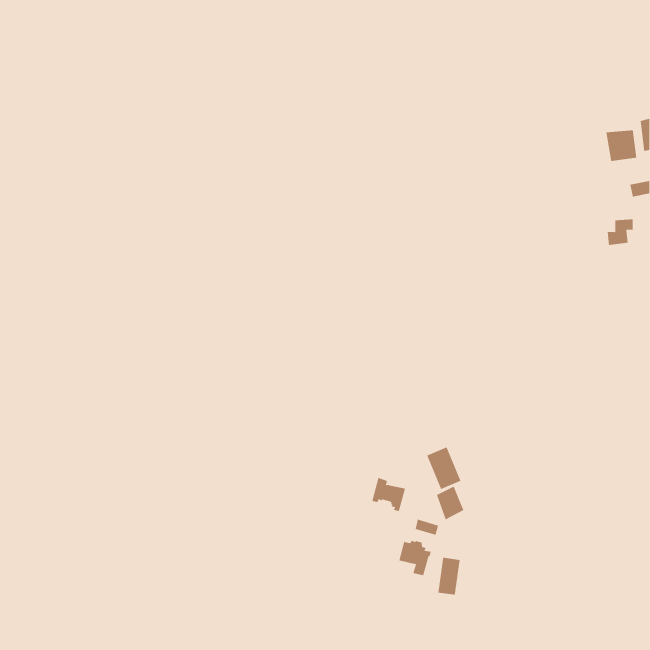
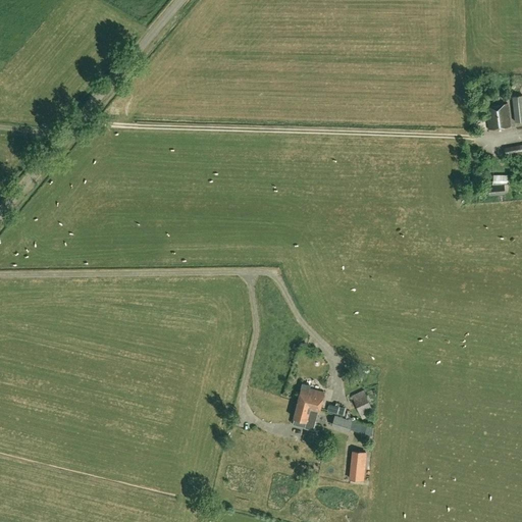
building: [426,447,461,490] -> none
building: [398,540,432,576] -> [294,401,320,429]

